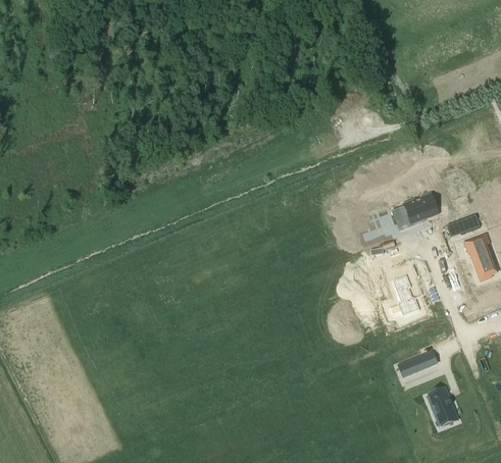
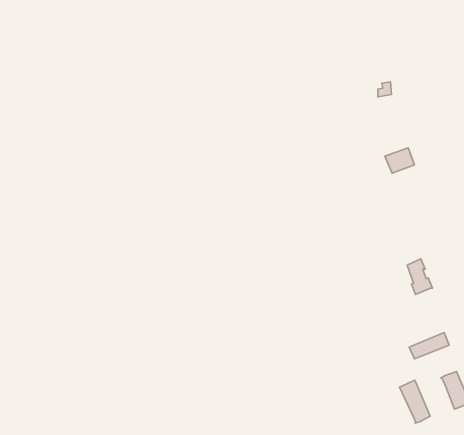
building: [404,201,433,225] -> [385,148,414,173]
building: none -> [399,380,430,423]

